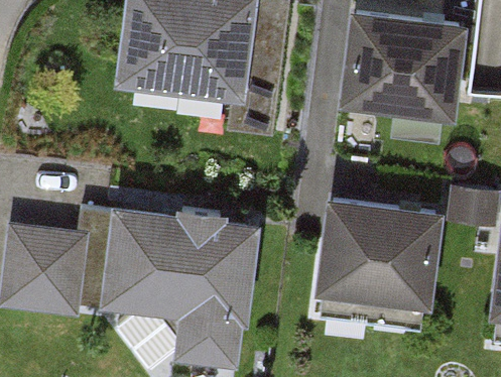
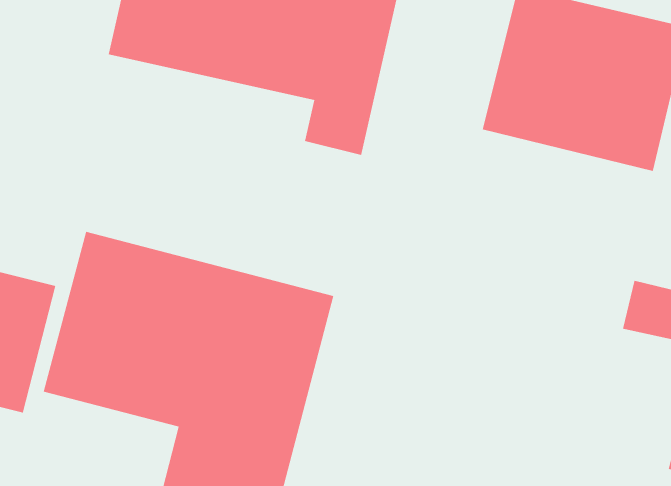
building: [321,199,445,309] -> none

